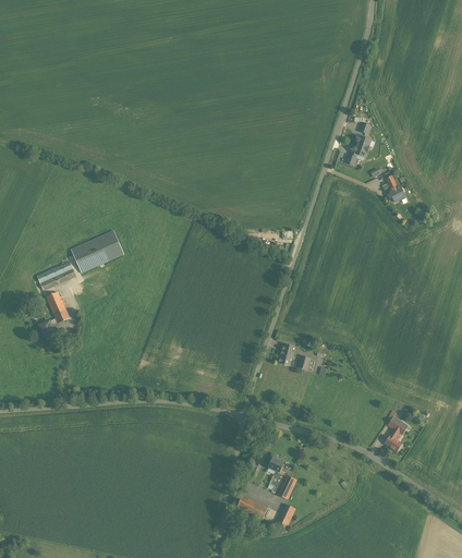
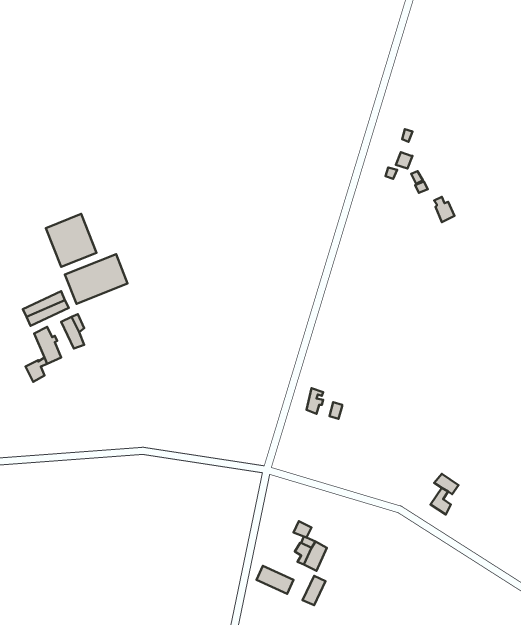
building: none -> [46,214,97,267]

